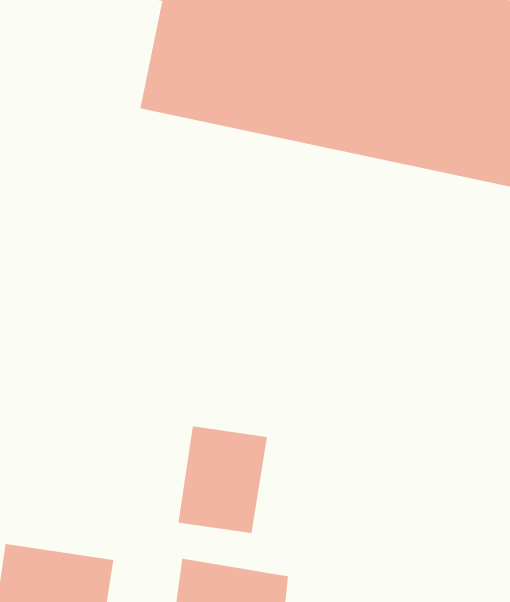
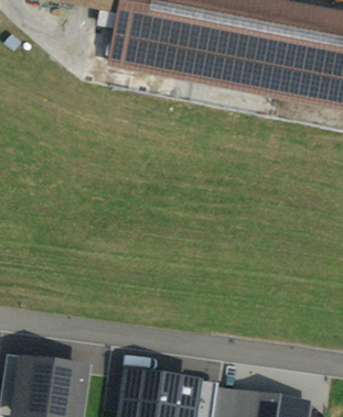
building: [178,425,267,534] -> none

